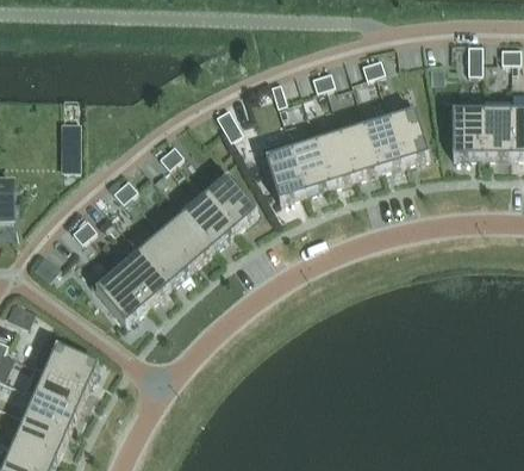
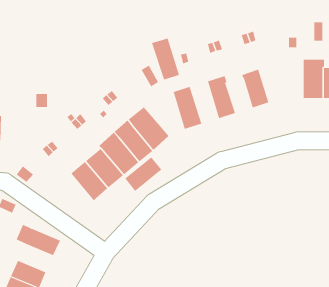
building: [386,101,430,163] -> none
building: [341,128,379,179] -> none
building: [288,132,330,194] -> [151,38,180,80]
building: none -> [125,157,162,192]
building: [96,272,148,326] -> none
building: [37,370,89,411] -> none

